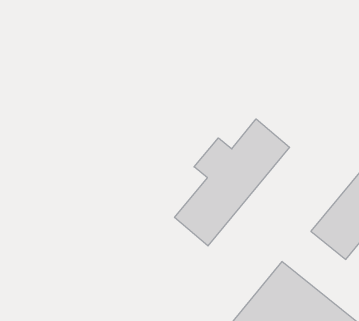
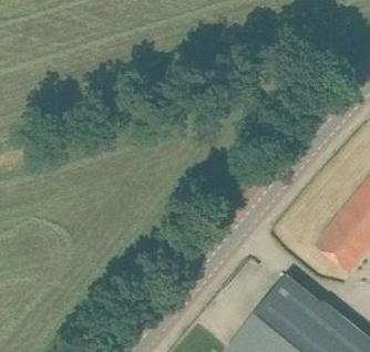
building: [175,119,290,246] -> none

